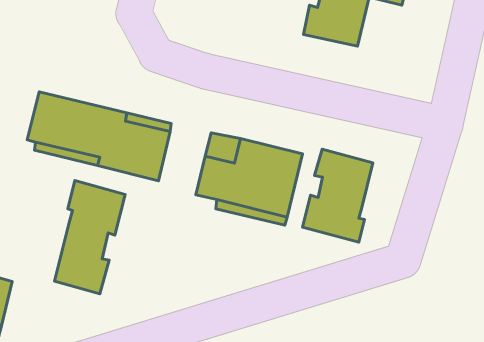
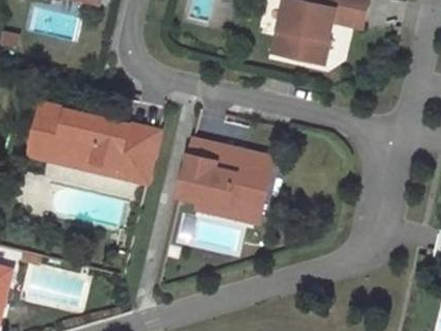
building: [303,149,373,242] -> none
building: [55,180,125,294] -> none

